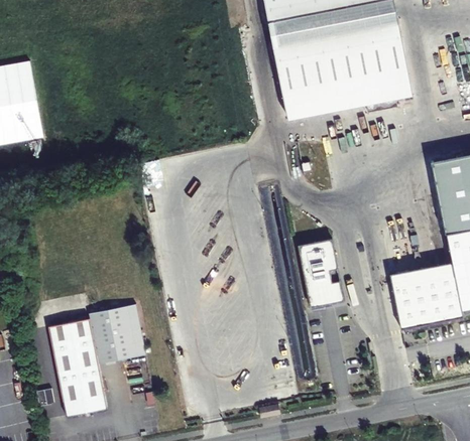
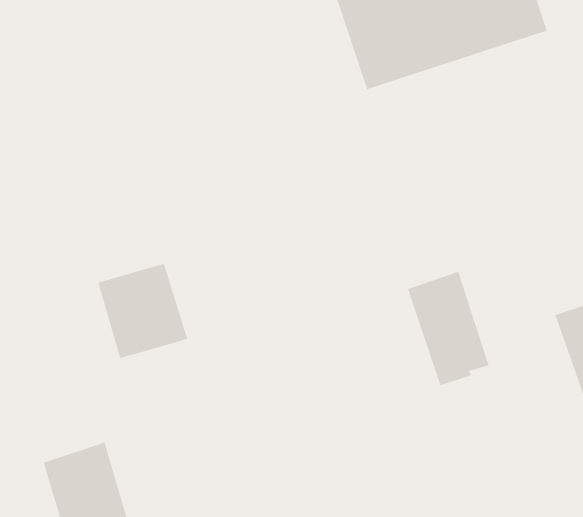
building: [92,306,145,363] -> [97,263,188,359]

